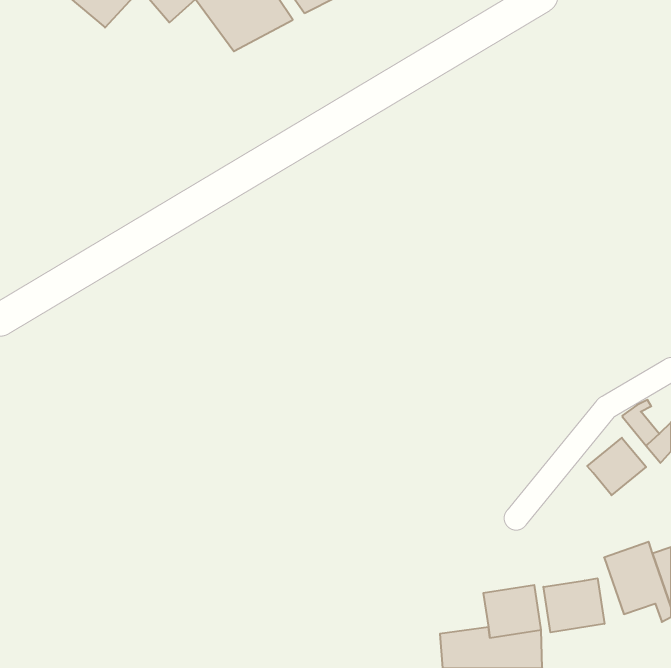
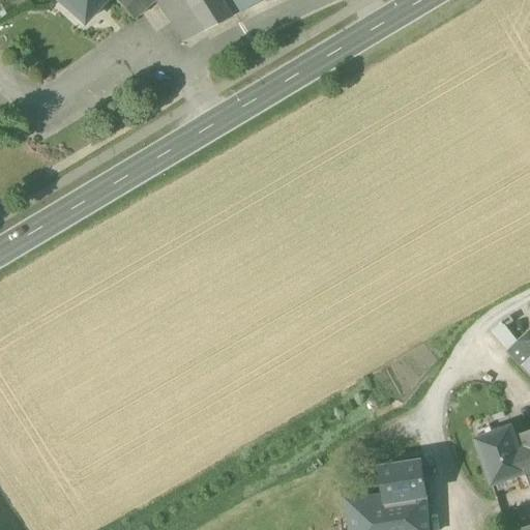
building: [587,438,646,495] -> none
building: [543,578,604,632] -> none

